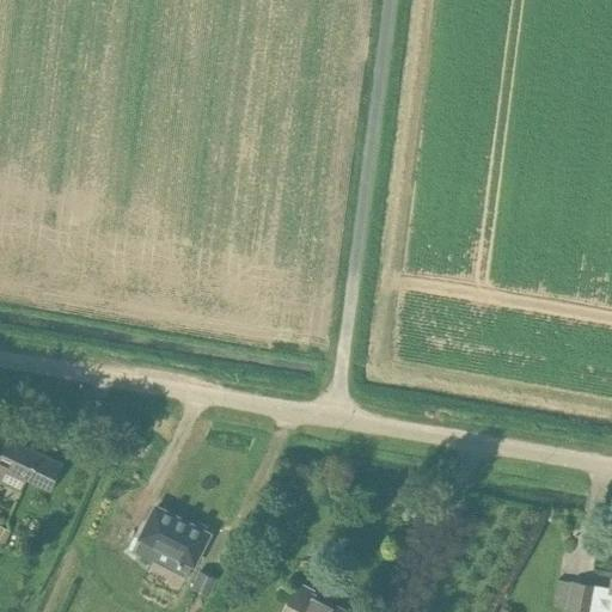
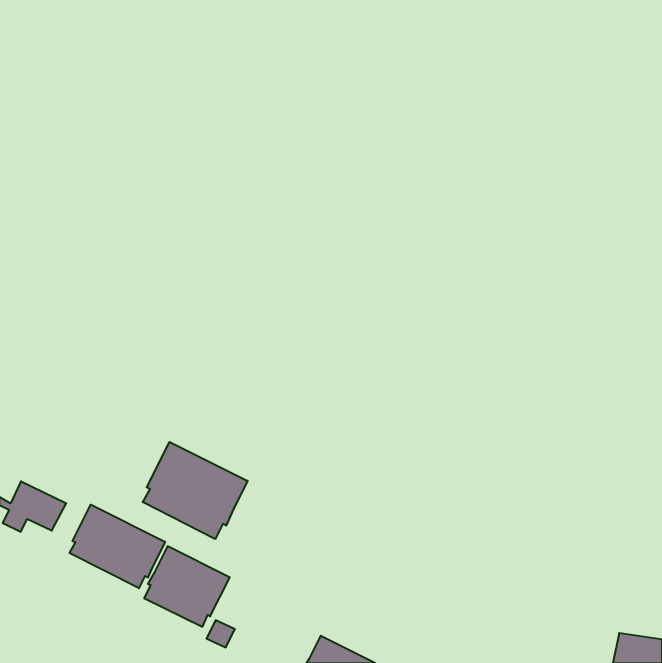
building: none -> [143,442,248,539]
building: none -> [70,505,165,588]

